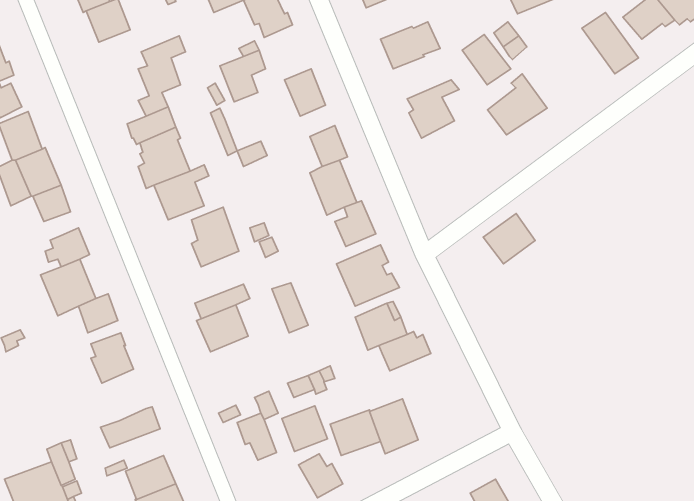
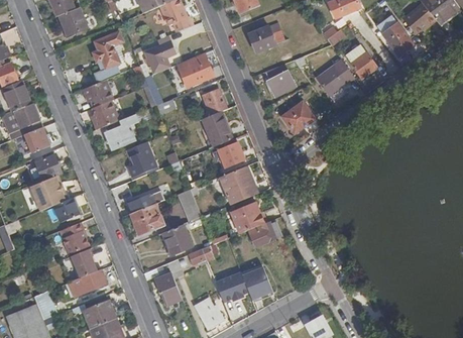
building: [462,34,511,85] -> [345,45,376,78]
building: [483,214,535,264] -> [280,102,314,134]
building: none -> [71,248,97,278]
building: [282,406,327,452] -> [161,225,191,254]

